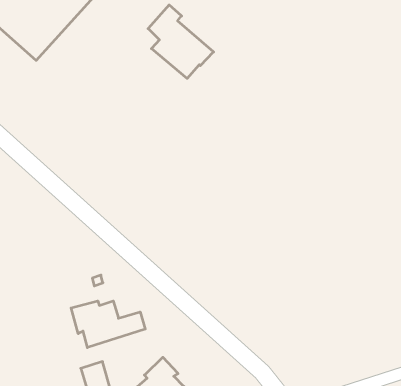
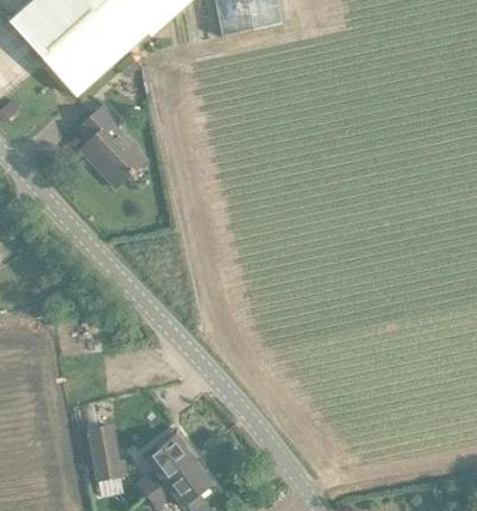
building: [148,5,214,78] -> [79,103,146,184]
building: [71,301,145,348] -> none

